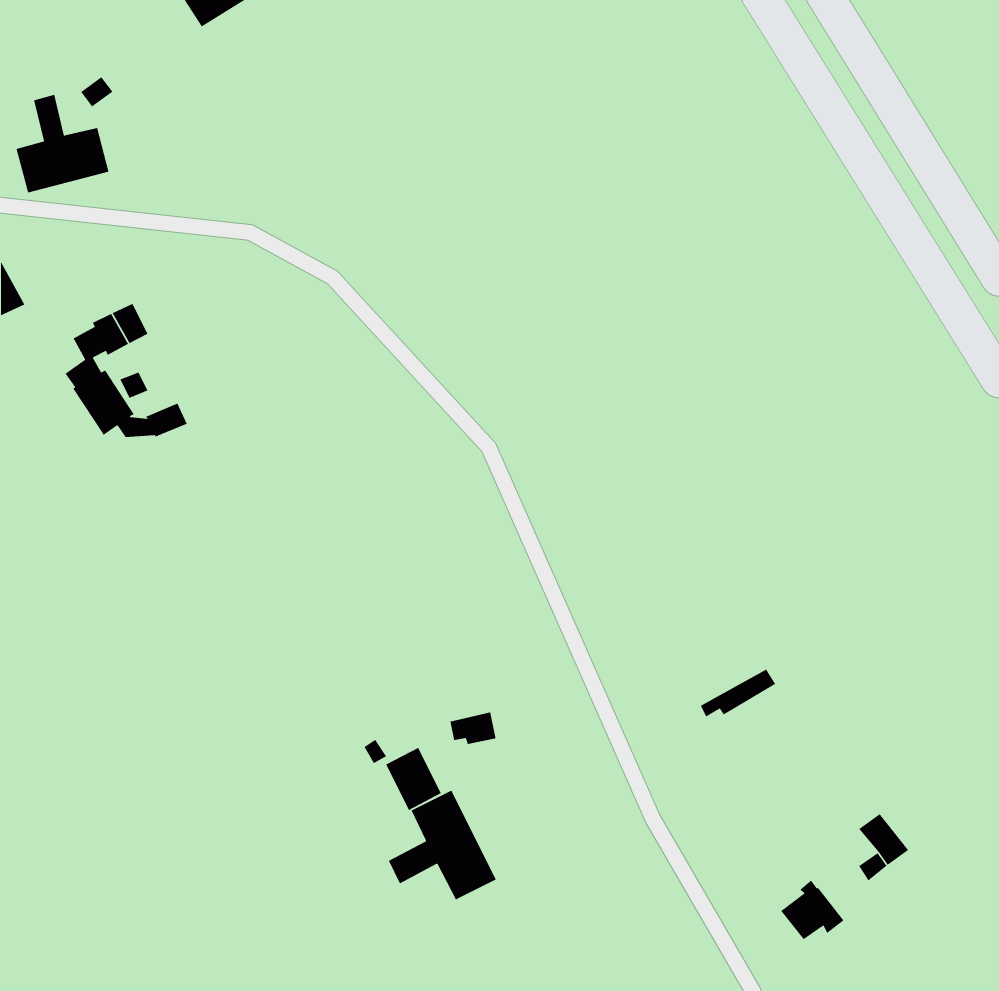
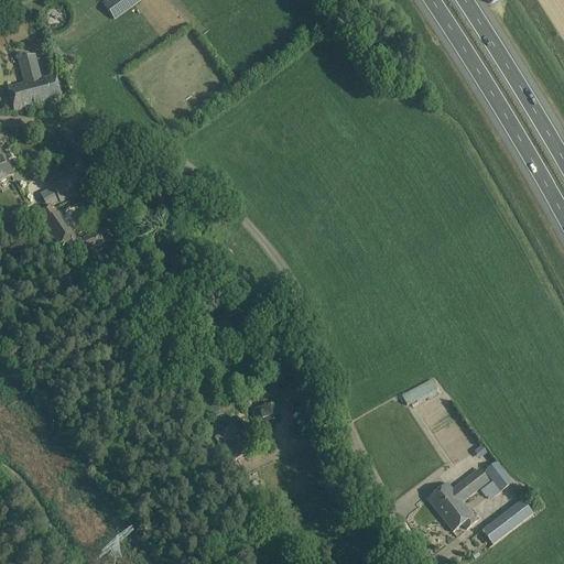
building: [388,789,497,901] -> none
building: none -> [427,467,488,513]
building: none -> [481,497,533,543]

